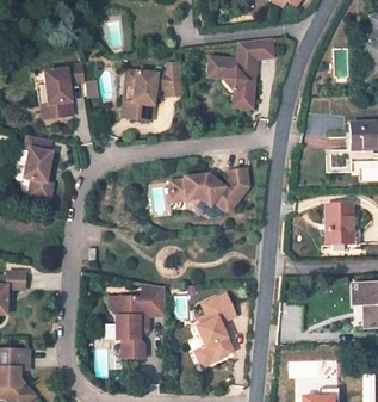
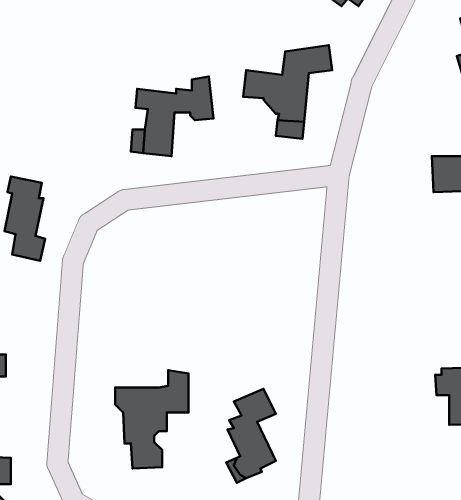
building: [42,63,83,118] -> none
building: [168,167,248,210] -> none
building: [326,203,353,242] -> none

